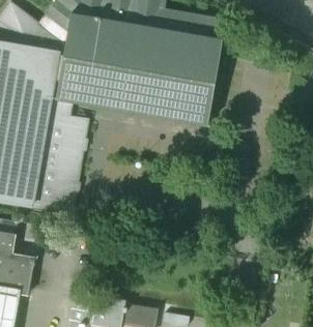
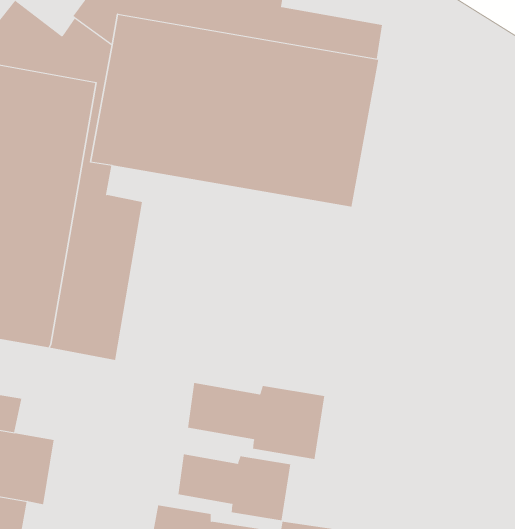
building: none -> [187,382,325,460]
building: none -> [178,454,291,521]

